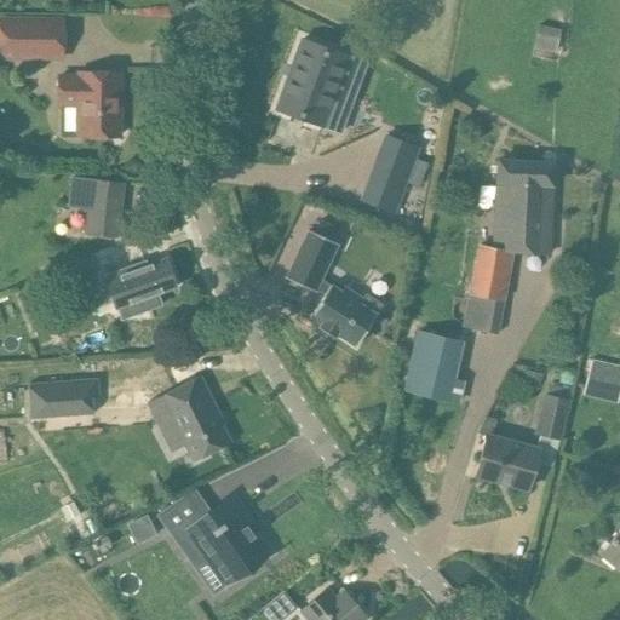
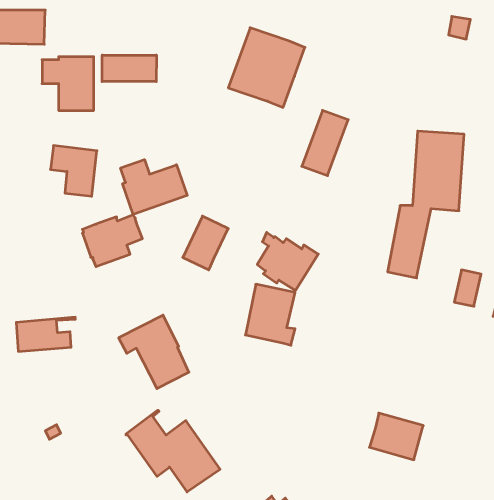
building: none -> [102,55,156,82]
building: none -> [121,160,187,214]
building: [286,229,339,292] -> [183,216,228,270]
building: [406,331,464,402] -> [245,284,295,345]
building: [536,395,568,437] -> [454,270,481,306]
building: [476,435,539,489] -> [369,413,423,460]

